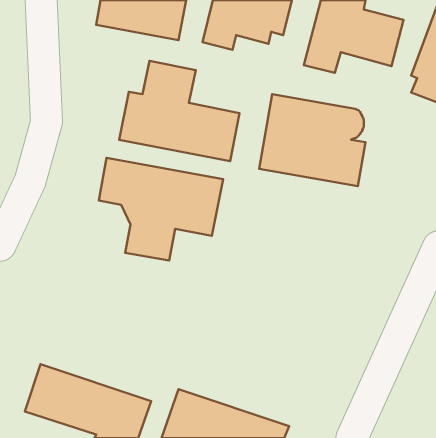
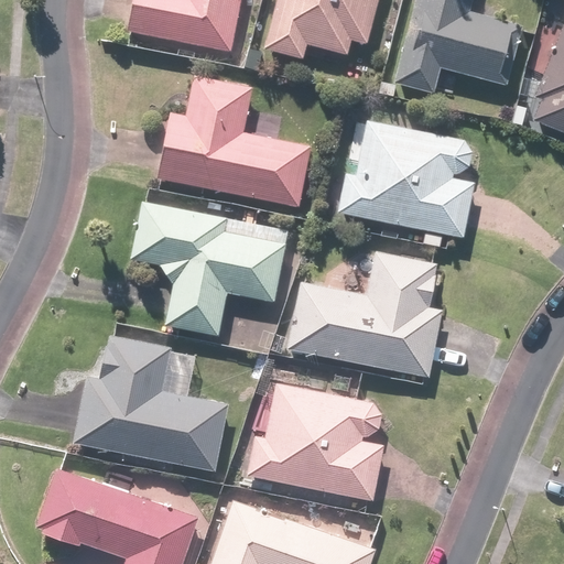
building: none -> [289,253,443,378]
building: none -> [75,337,229,473]
building: none -> [247,382,384,501]

